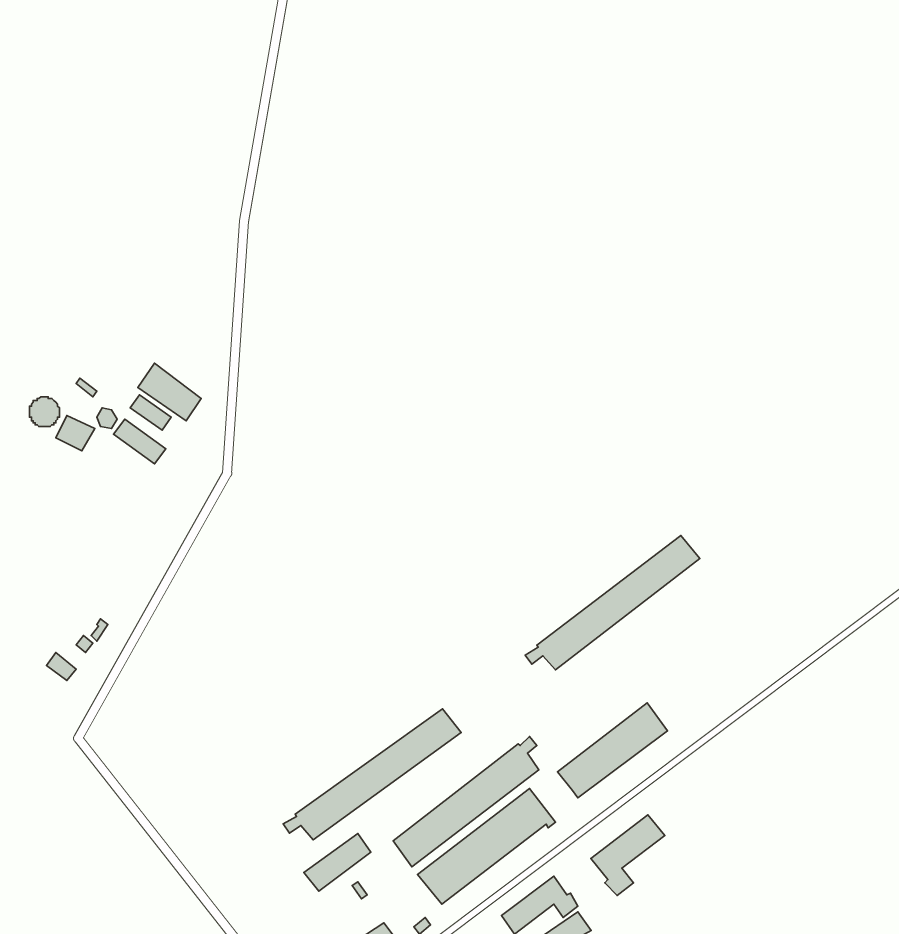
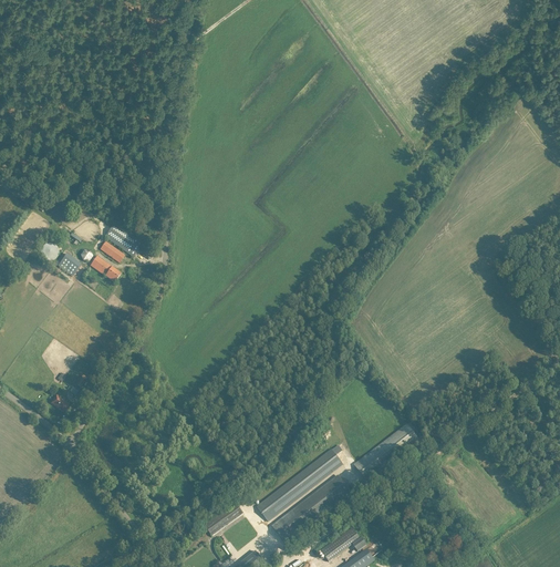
building: [525,535,700,670] -> none
building: [283,709,461,840] -> none
building: [591,815,665,895] -> none

